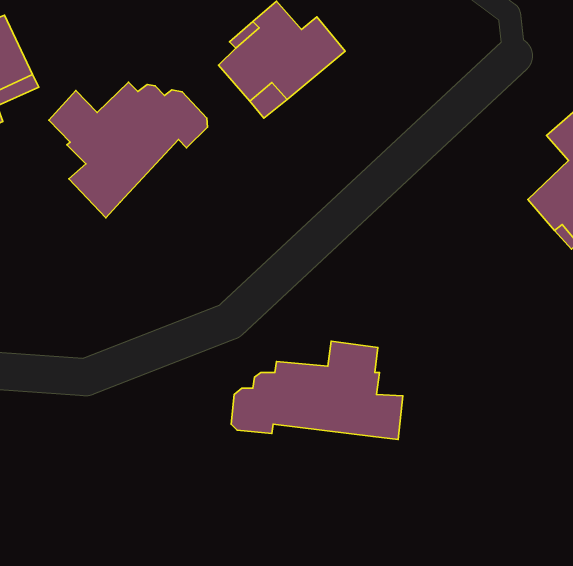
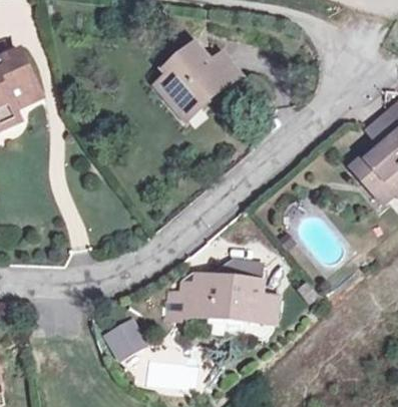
building: [49,82,207,218] -> none
building: none -> [97,315,143,359]

